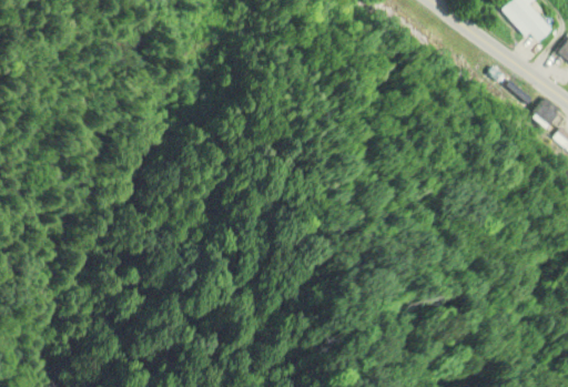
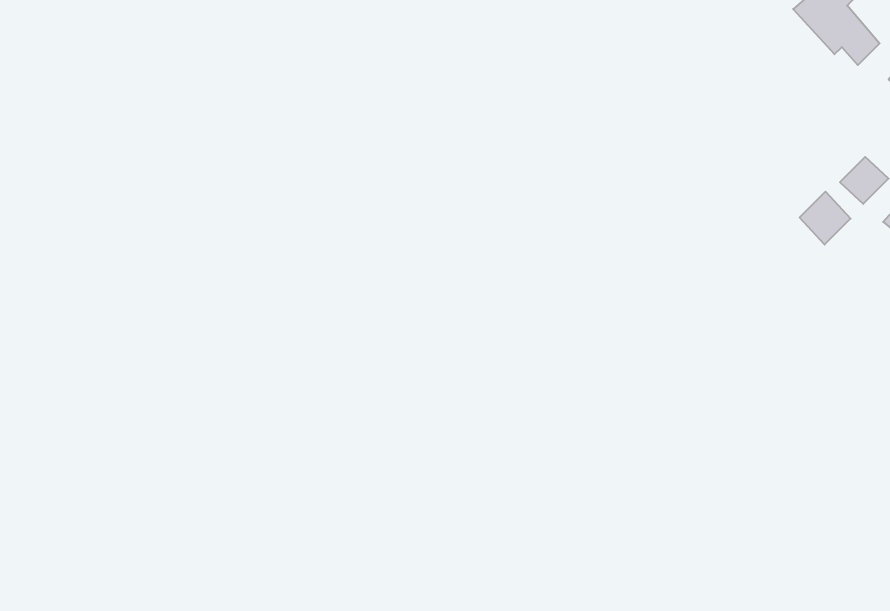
building: none -> [800,192,851,245]

